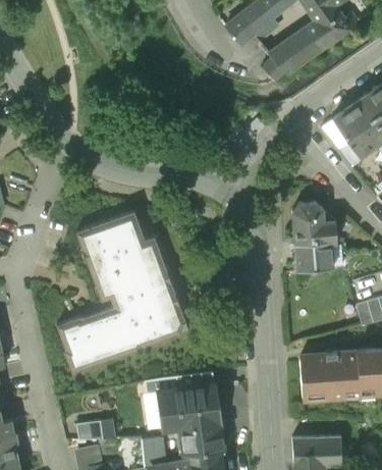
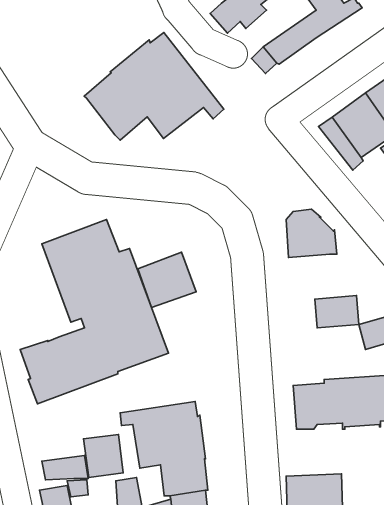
building: none -> [84,32,224,140]
building: none -> [138,252,196,308]
building: [294,241,333,269] -> [315,296,359,328]
building: none -> [84,435,123,477]

